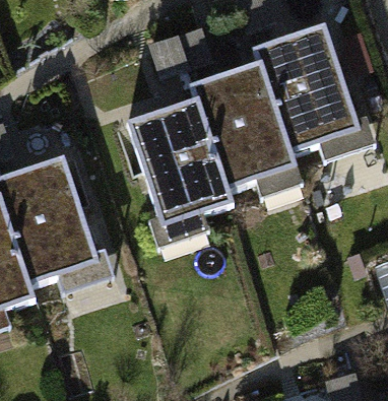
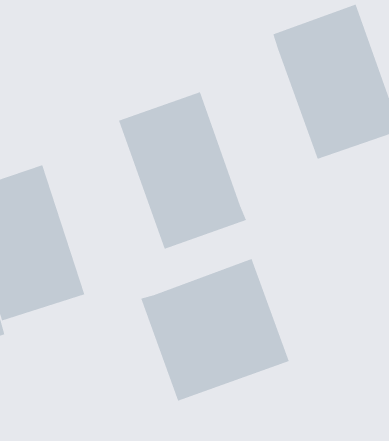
building: [191,61,298,192] -> none
building: none -> [140,258,289,402]

